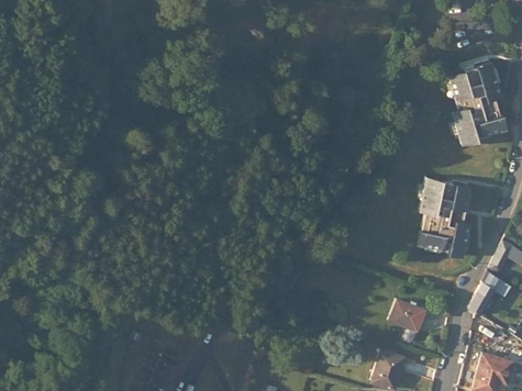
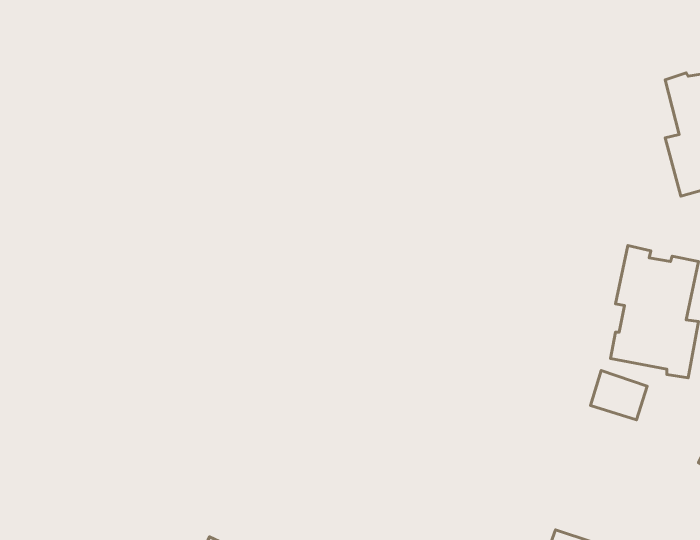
building: [390,303,425,334] -> [591,370,647,420]

